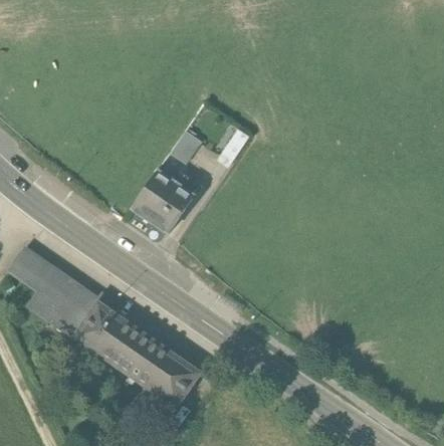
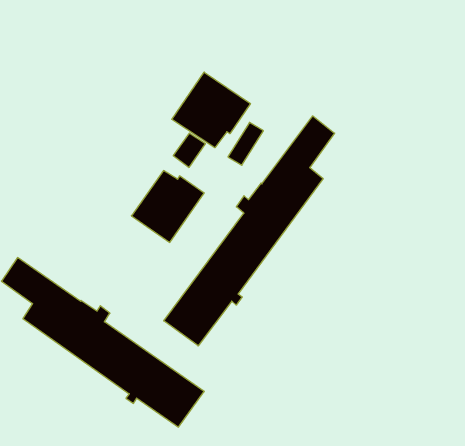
building: none -> [172,72,250,148]
building: none -> [164,116,335,346]

